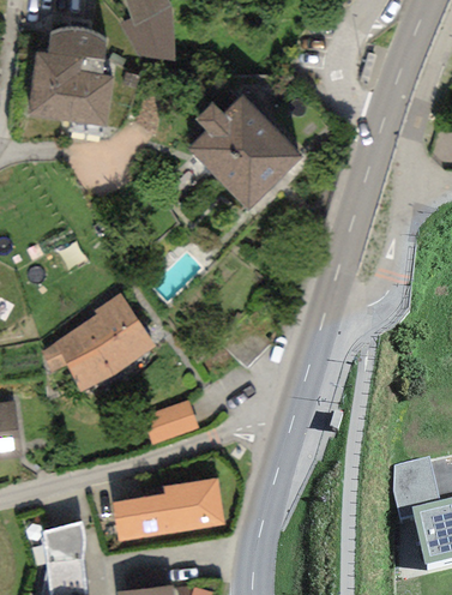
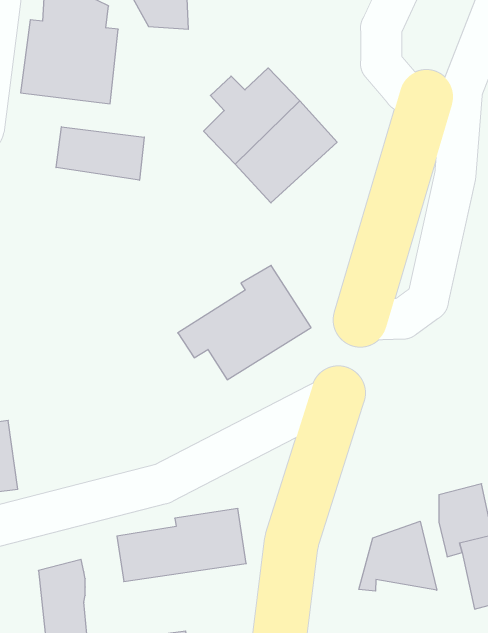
building: none -> [56,127,144,180]
building: [38,293,155,392] -> [178,265,311,380]
building: [143,399,198,444] -> none
building: none -> [359,521,437,591]

